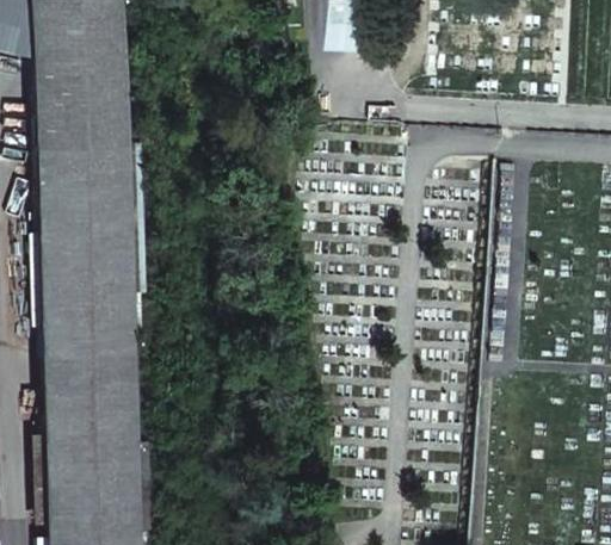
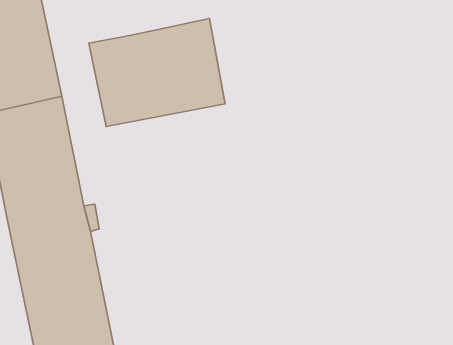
building: none -> [89,19,225,127]

